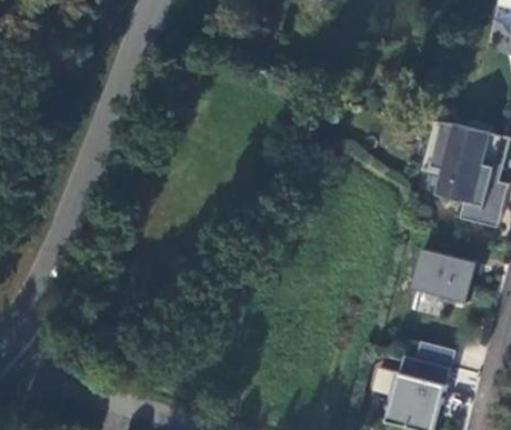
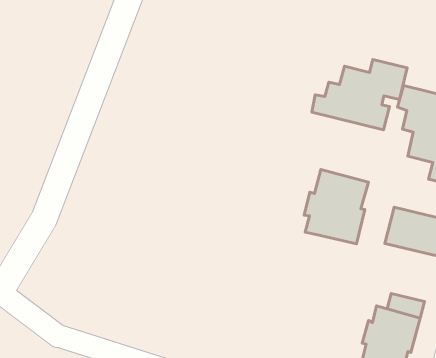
building: none -> [312,59,407,130]
building: none -> [304,170,369,244]

